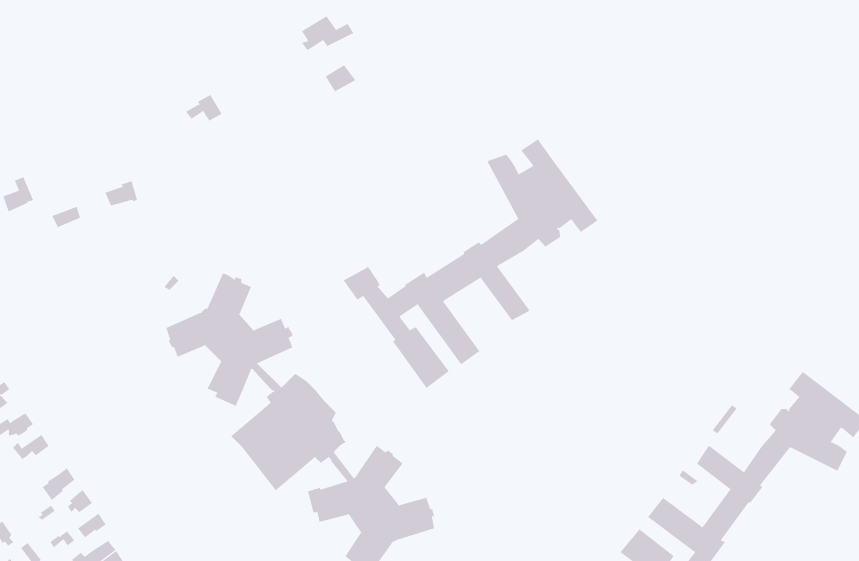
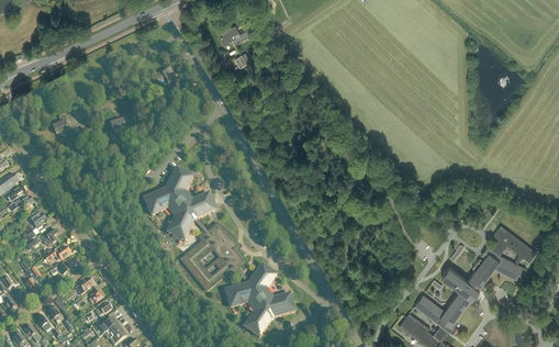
building: [343,138,598,389] -> none

